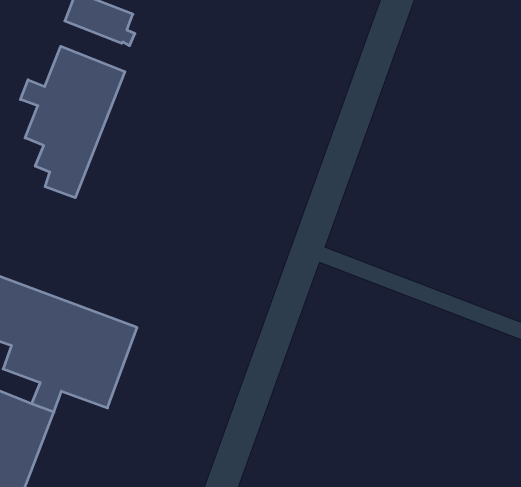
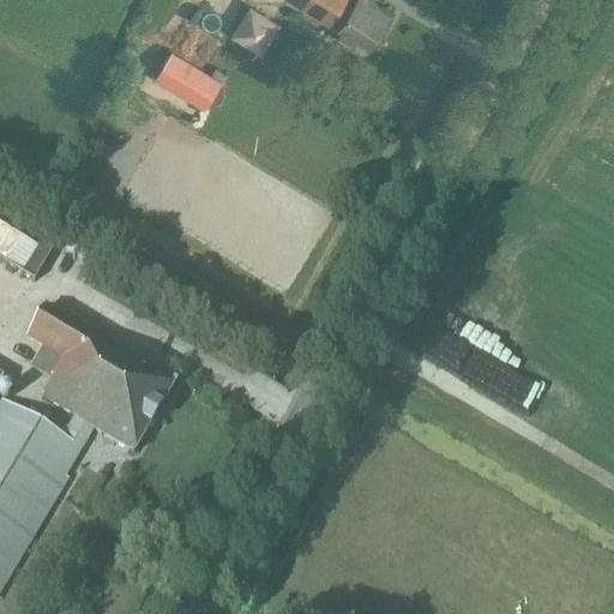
building: [20,46,125,198] -> none

